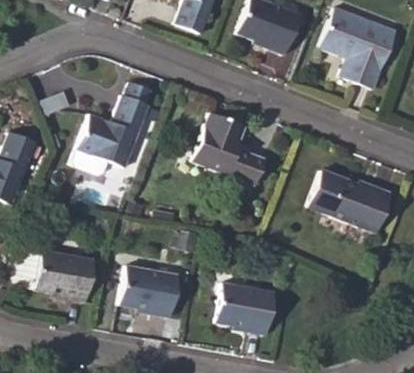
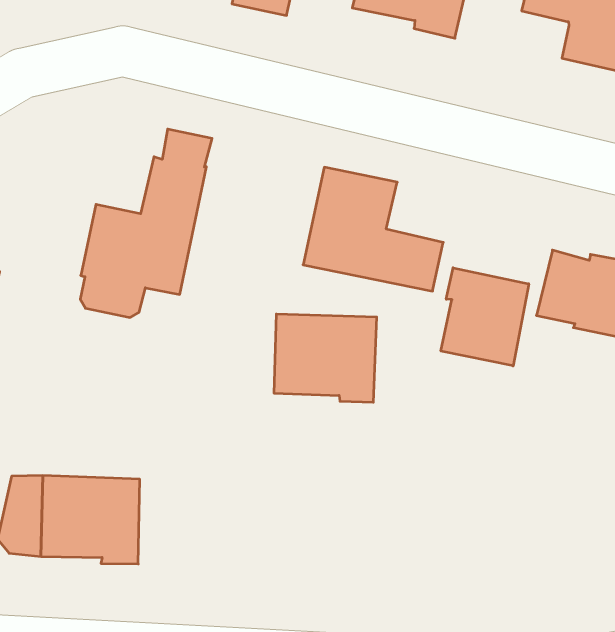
building: none -> [441,268,529,366]
building: [119,265,177,317] -> [274,314,377,402]
building: [214,283,273,334] -> none

